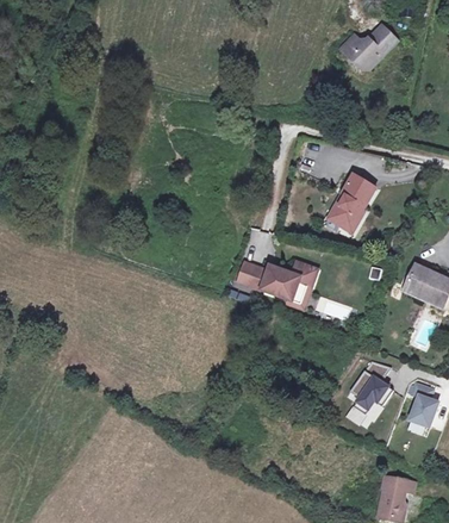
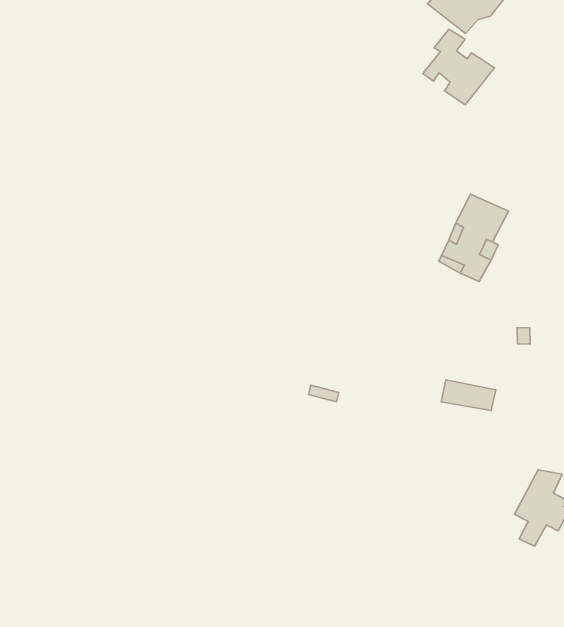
building: none -> [423,29,494,105]
building: [248,255,316,294] -> none

